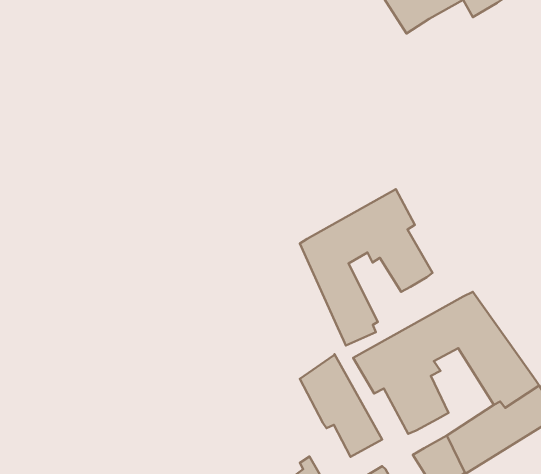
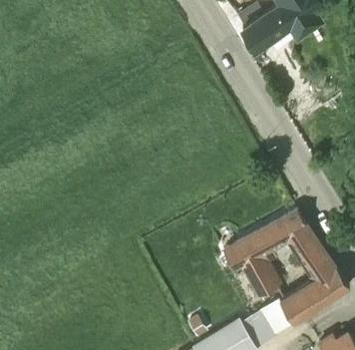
building: [300,189,433,345] -> none
building: [300,354,382,457] -> none

